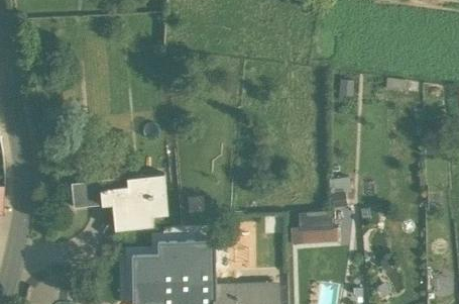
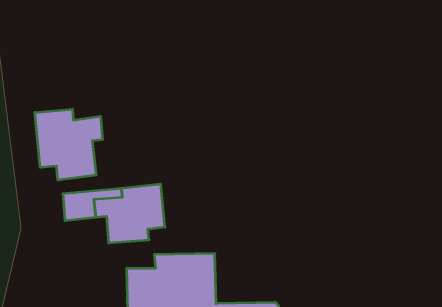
building: none -> [35,109,102,180]
building: [297,213,332,232] -> none

